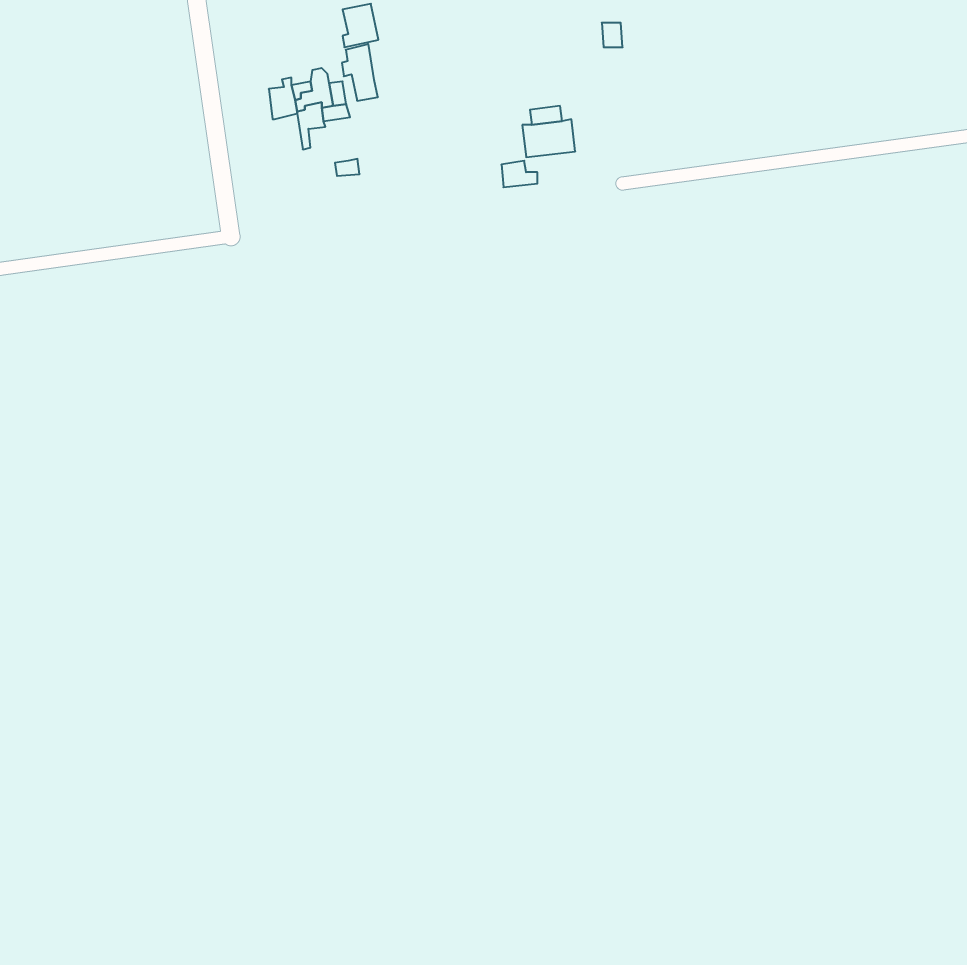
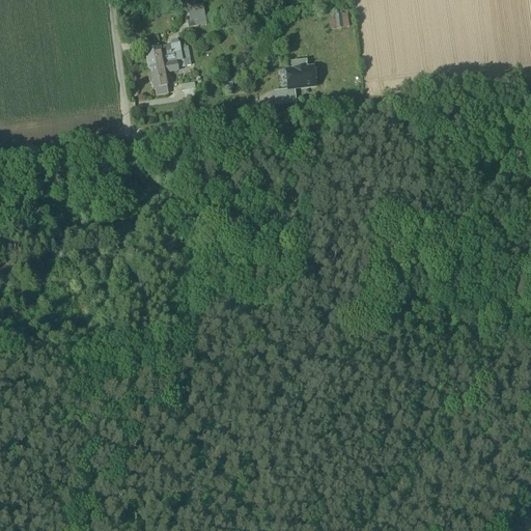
building: [342,44,378,101] -> [148,63,168,94]

